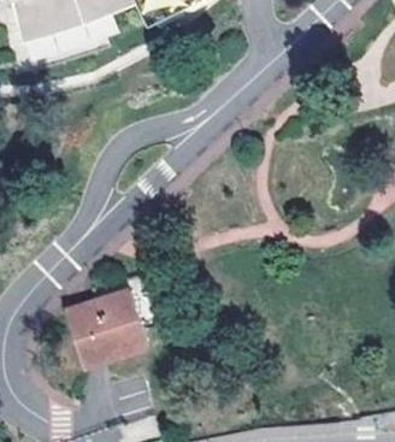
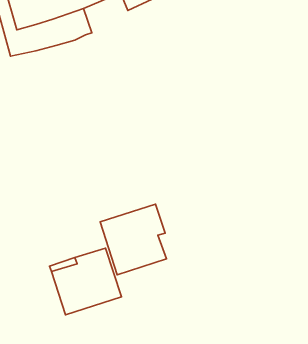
building: none -> [100,204,166,275]

